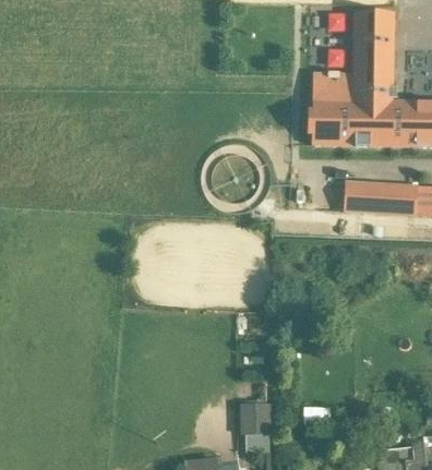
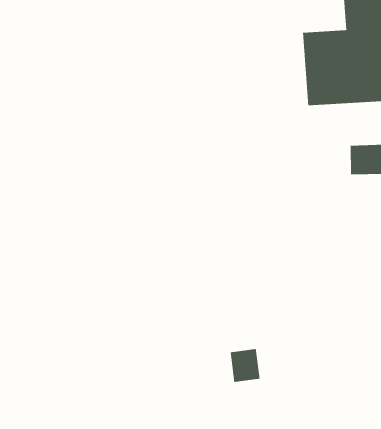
building: [245,403,272,433] -> [230,349,260,382]

